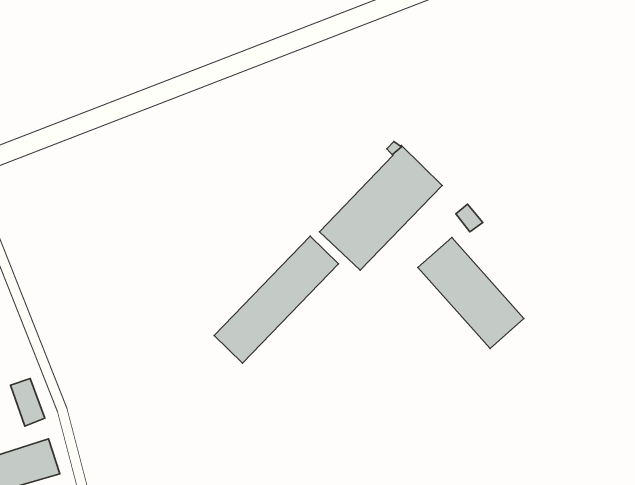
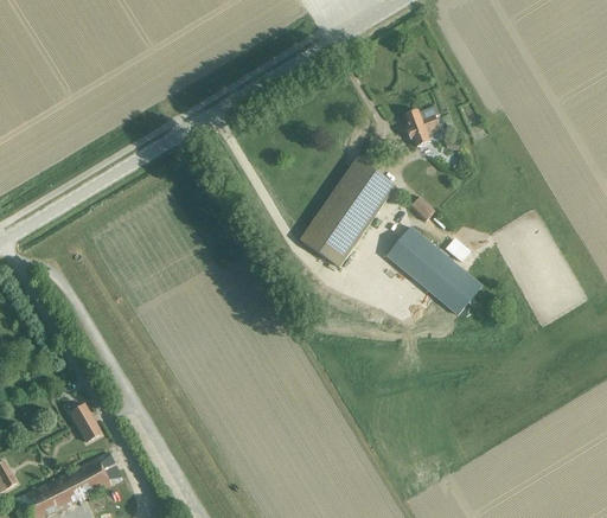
building: none -> [403,104,439,146]
building: [214,236,339,363] -> none

